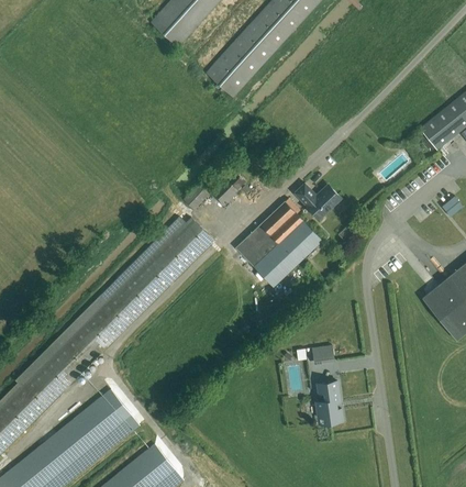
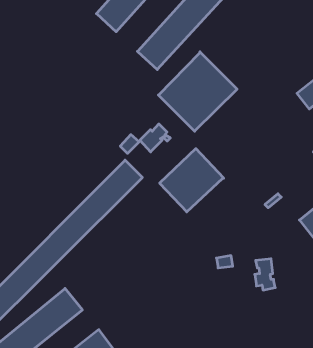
building: none -> [158,52,237,131]
building: [295,184,340,219] -> none
building: [315,381,343,423] -> [255,259,275,290]

